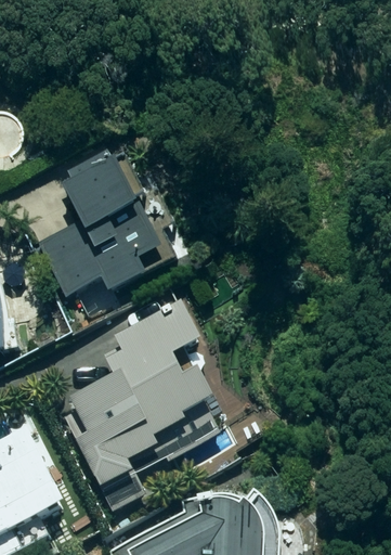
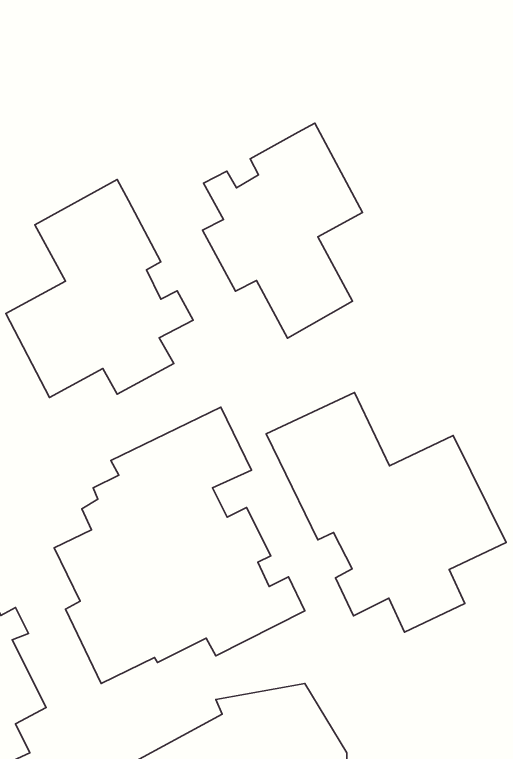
building: none -> [203,123,363,338]
building: none -> [266,393,506,632]

